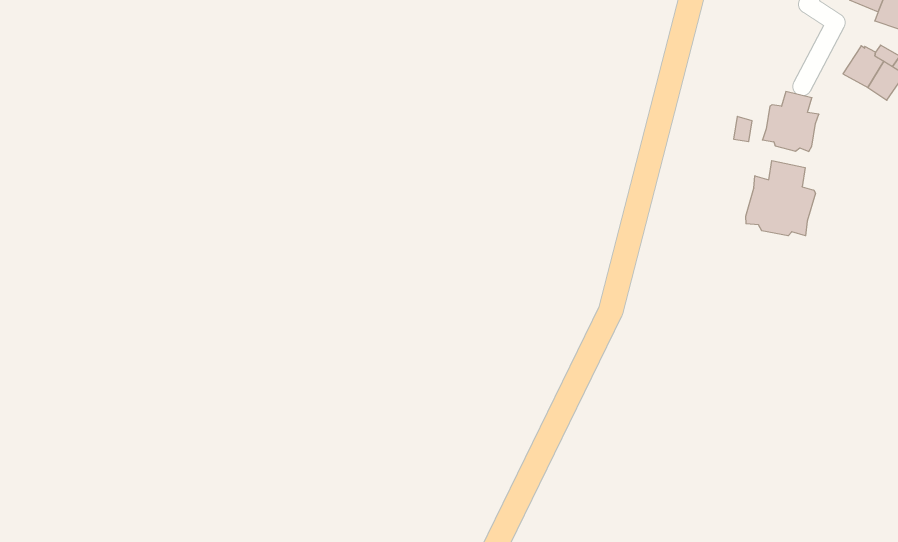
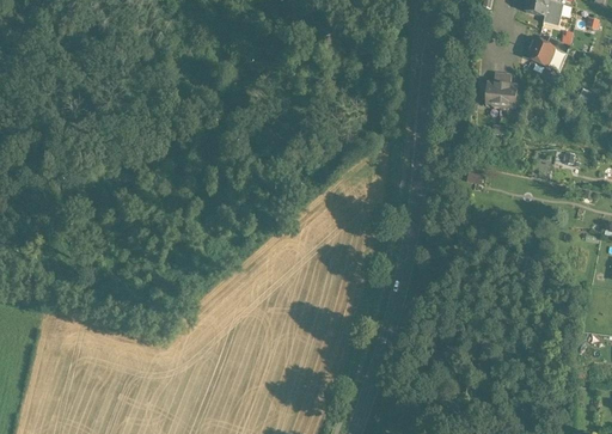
building: [746,161,815,236] -> none

